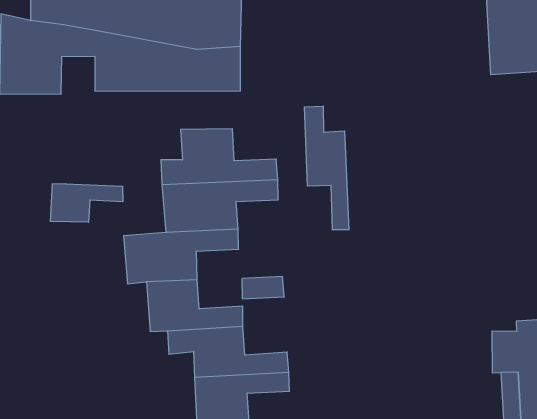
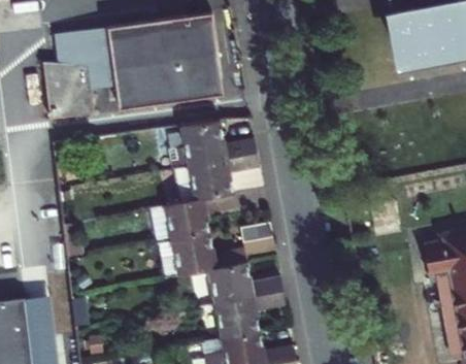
building: [305,106,349,230] -> none
building: [50,184,123,222] -> none

